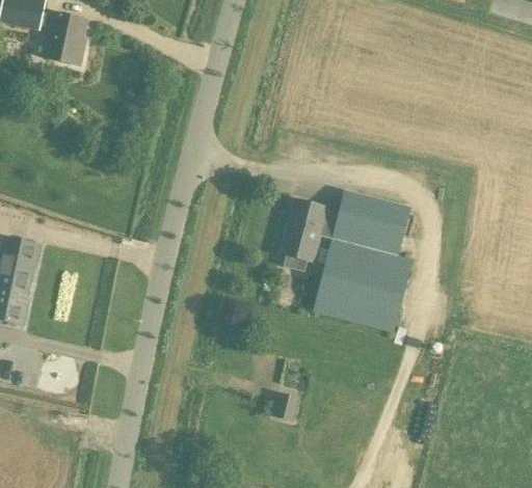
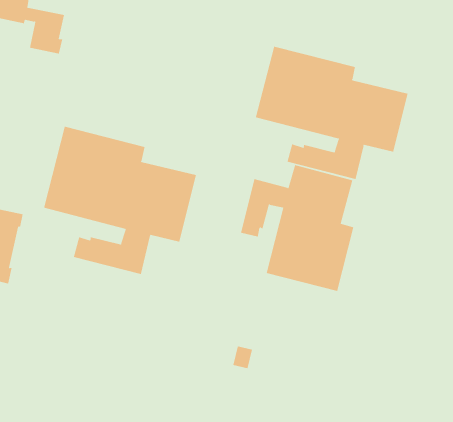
building: none -> [255,46,408,180]
building: none -> [43,126,196,275]

